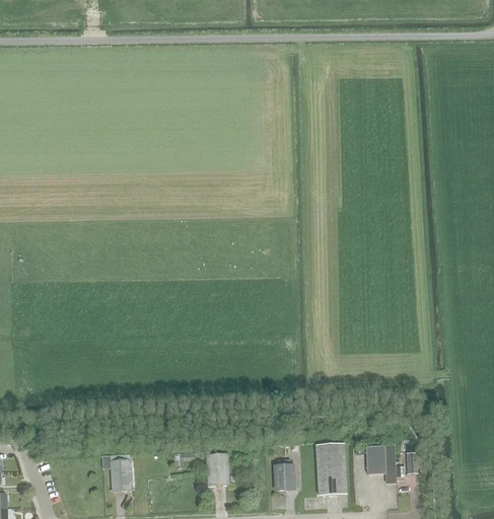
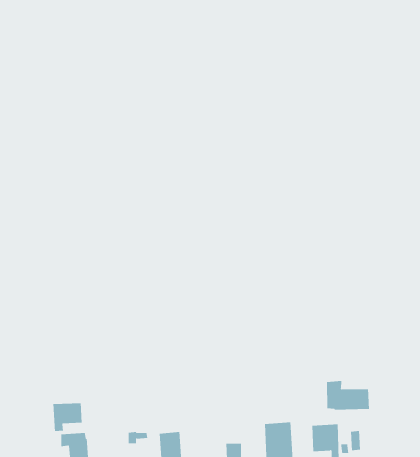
building: none -> [326,380,370,410]
building: none -> [53,402,82,432]

